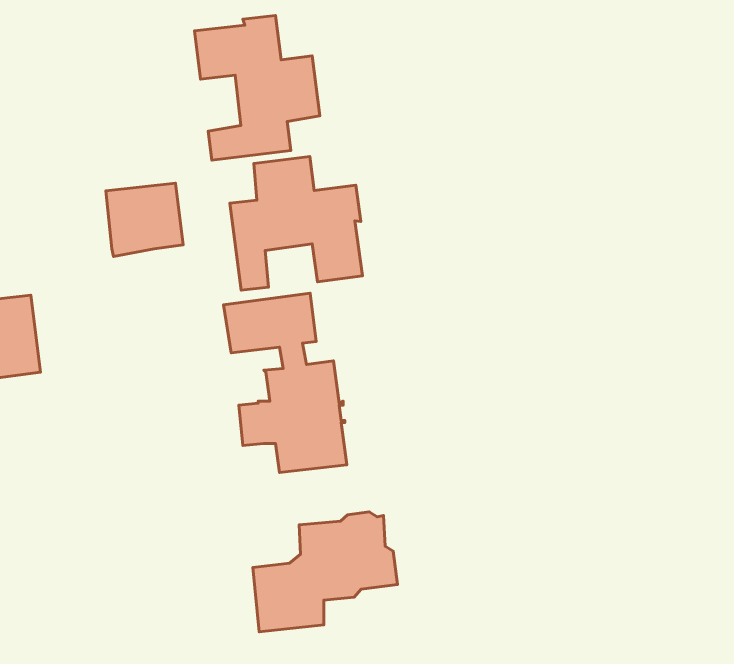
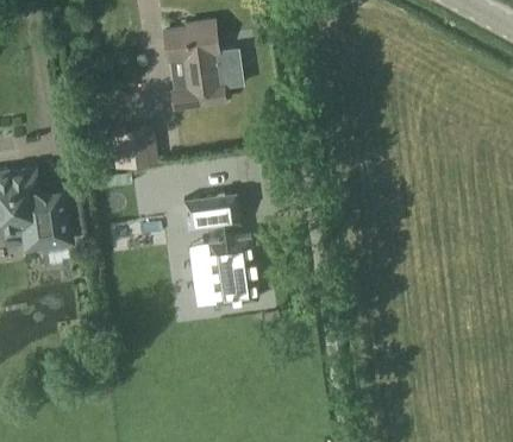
building: [230,156,362,290] -> none
building: [253,512,398,632] -> none

